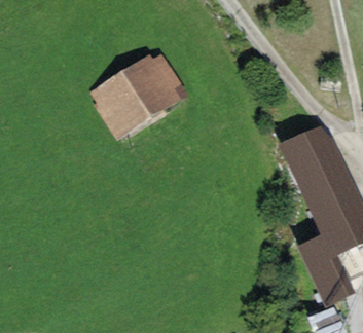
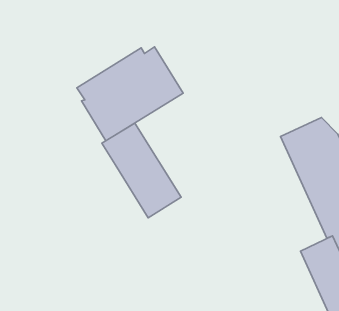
building: none -> [102,123,181,218]

